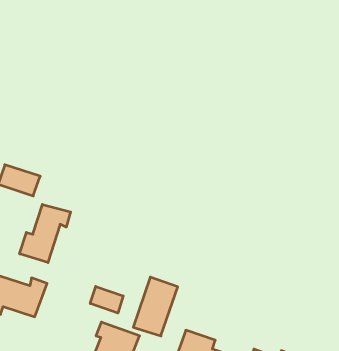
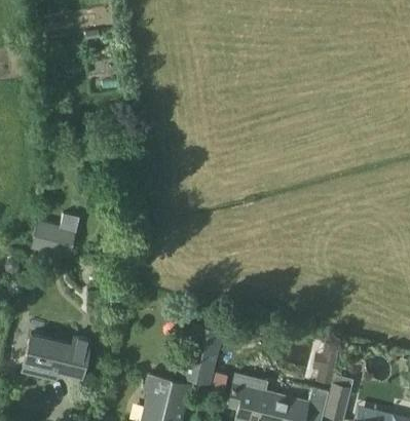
building: [20,204,71,263] -> none
building: [90,286,123,313] -> none

